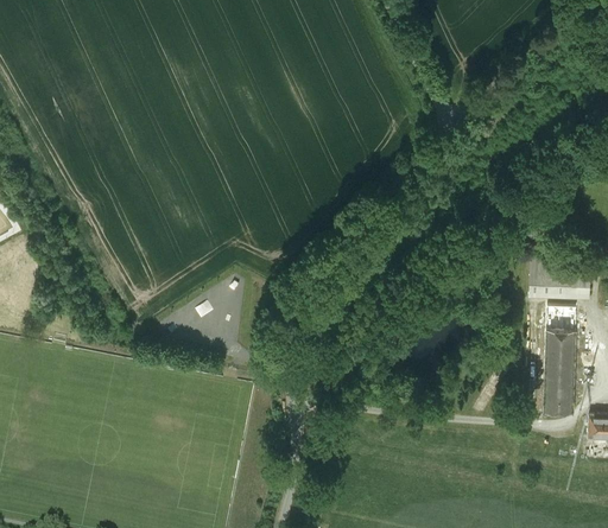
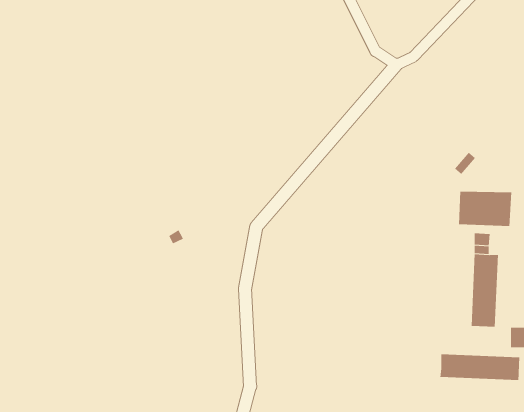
building: none -> [440,353,520,381]

